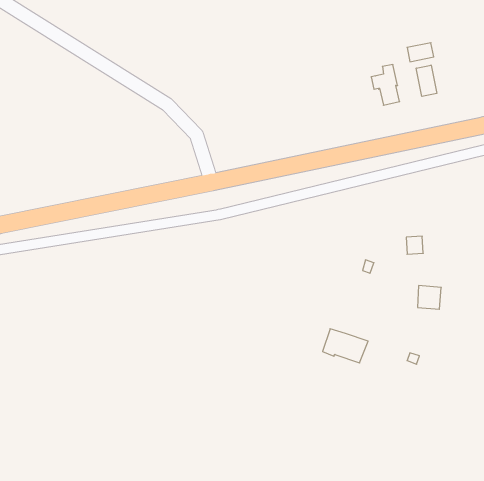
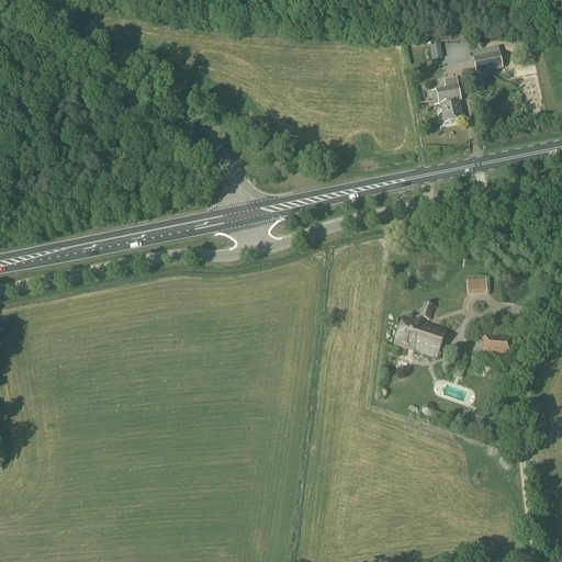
building: [416,65,437,96] -> none
building: [323,329,368,363] -> [393,315,446,355]

